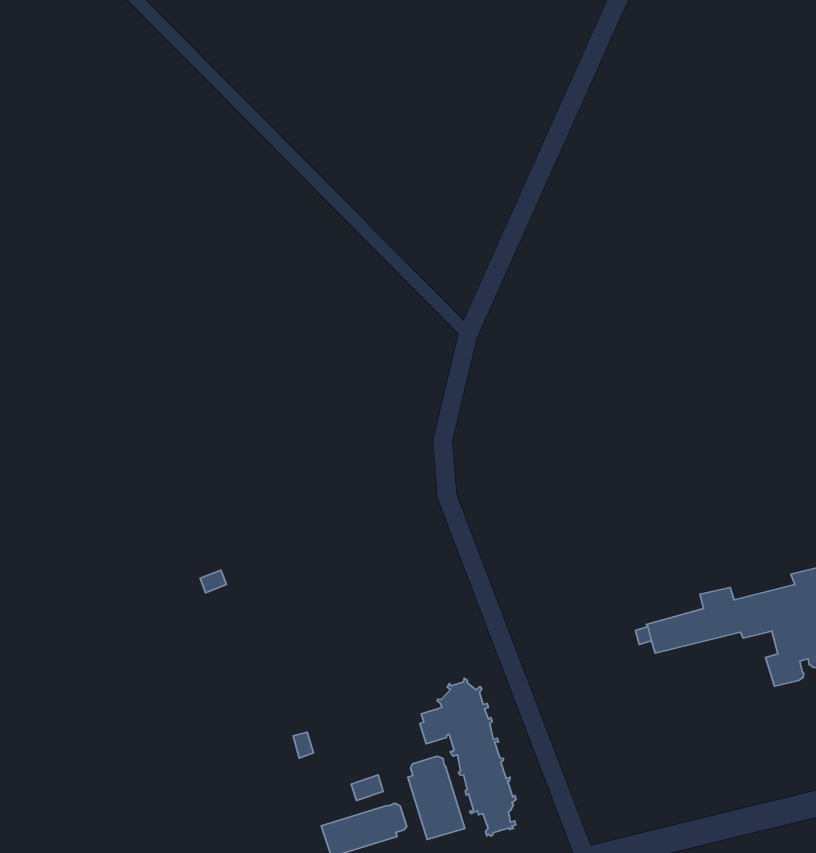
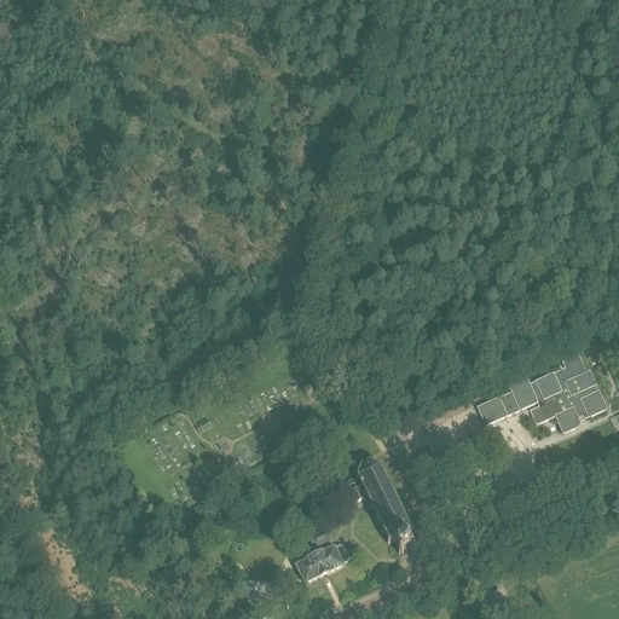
building: [408,756,465,839] -> none

